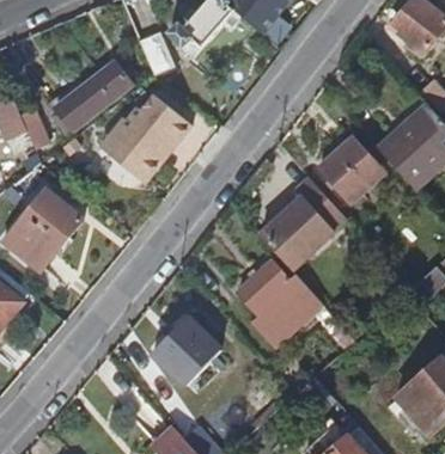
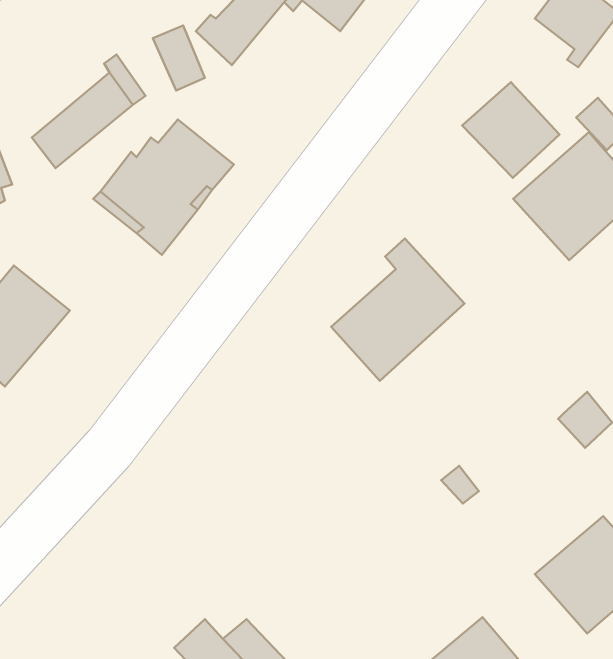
building: [319,139,384,202] -> [462,82,560,178]
building: [238,263,317,348] -> none
building: [154,320,221,387] -> none

